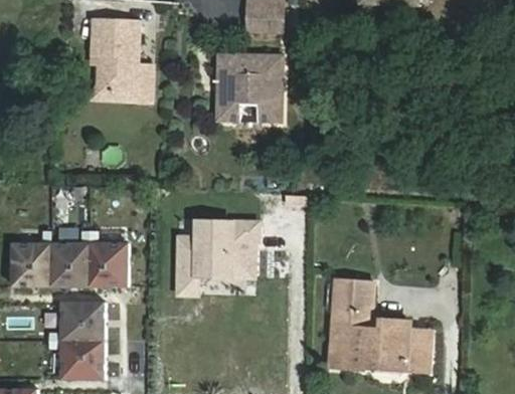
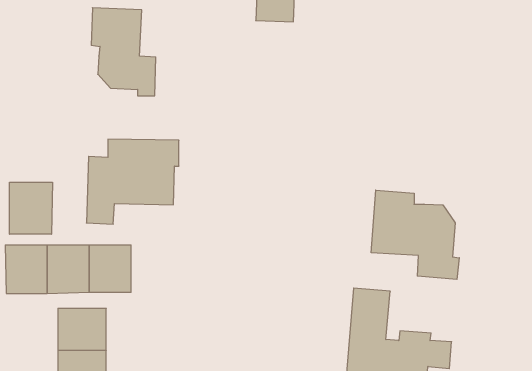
building: [216,57,280,122] -> none
building: none -> [10,182,52,234]
building: none -> [371,190,459,279]
building: [173,218,260,298] -> [86,139,179,224]

